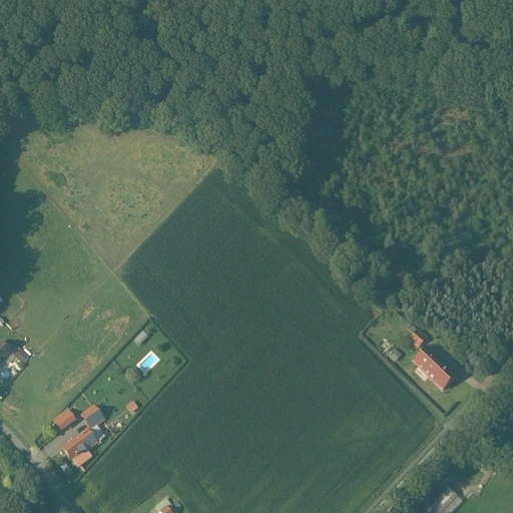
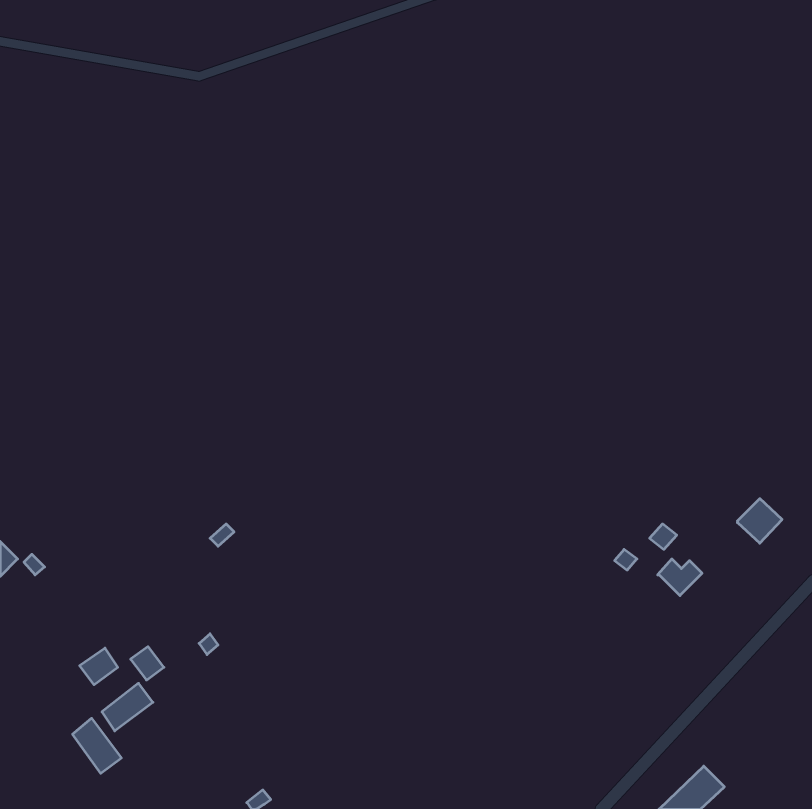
building: [429,361,457,389] -> [737,499,782,543]
building: none -> [73,718,121,773]

